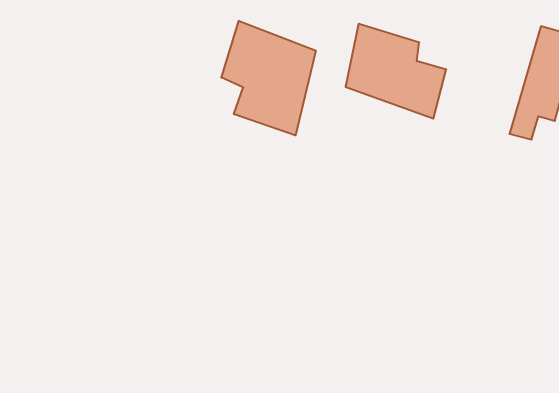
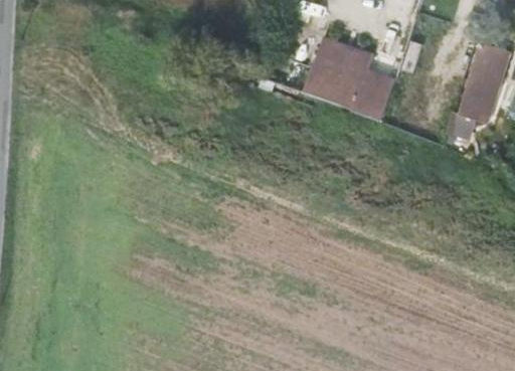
building: [221,21,316,135] -> none

